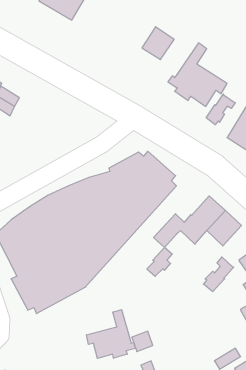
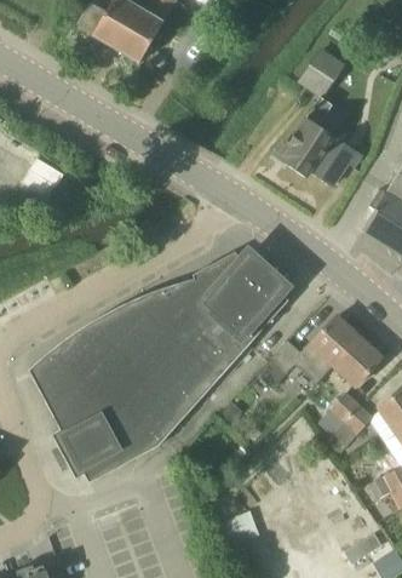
building: [142,27,174,60] -> [300,46,346,93]
building: [206,94,235,125] -> none
building: [147,248,172,276] -> [318,391,355,433]
building: [87,310,135,358] -> none

